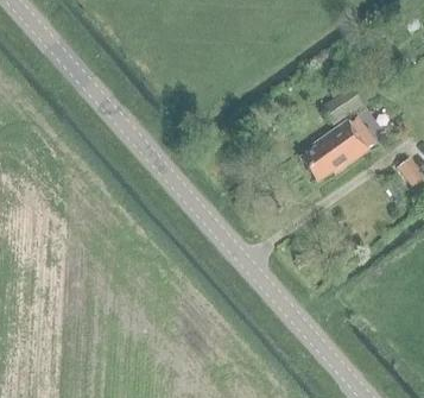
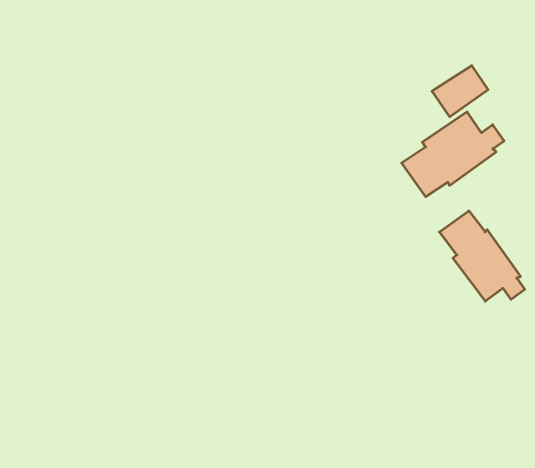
building: none -> [439,211,525,301]

